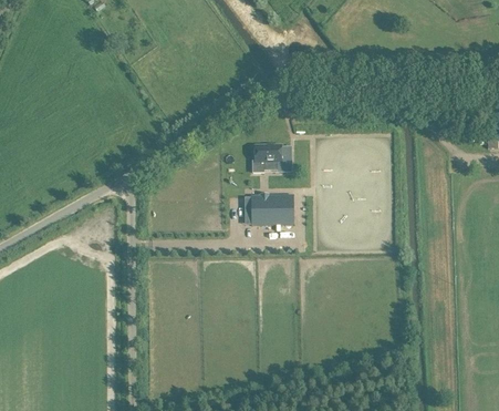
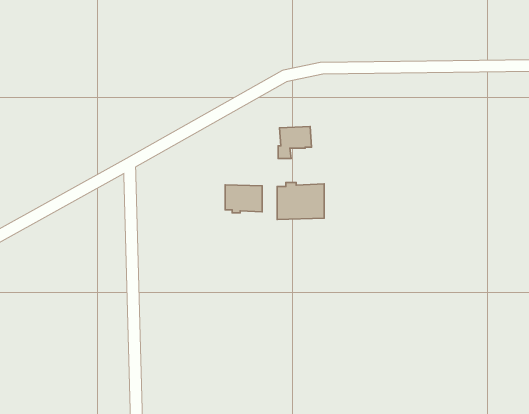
building: none -> [225,185,262,213]

